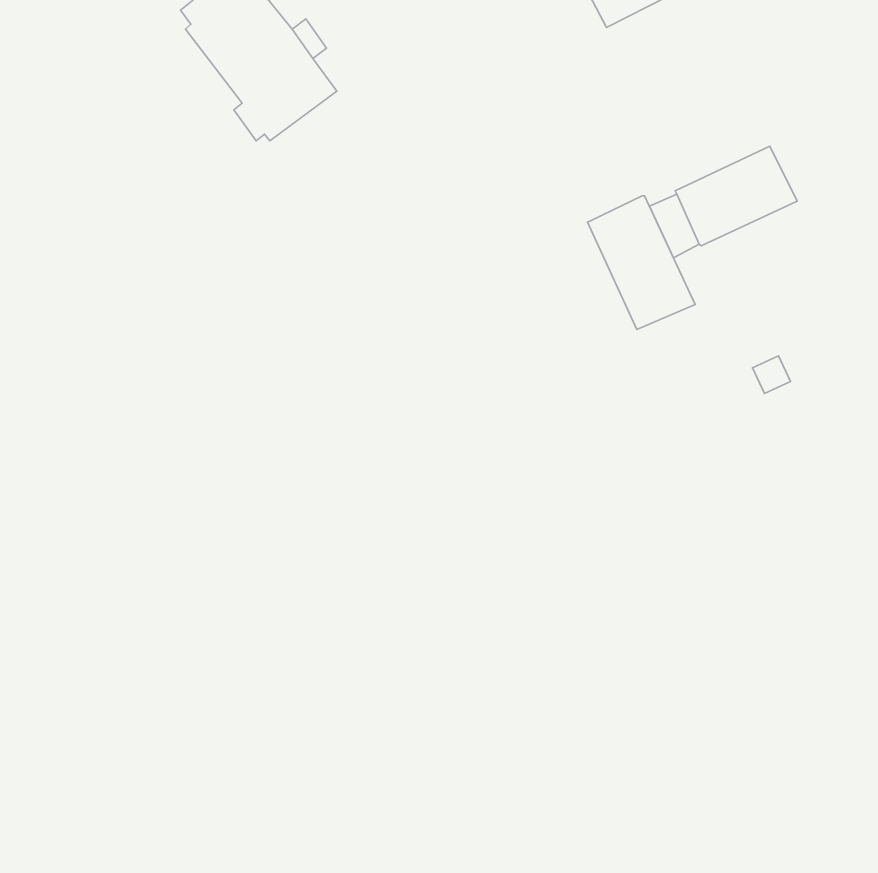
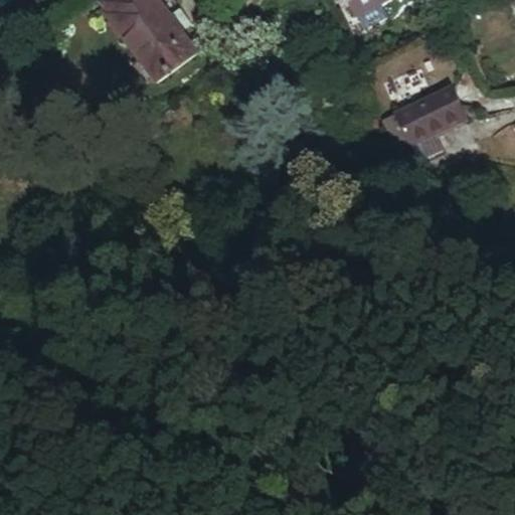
building: [588,196,695,329] -> none

